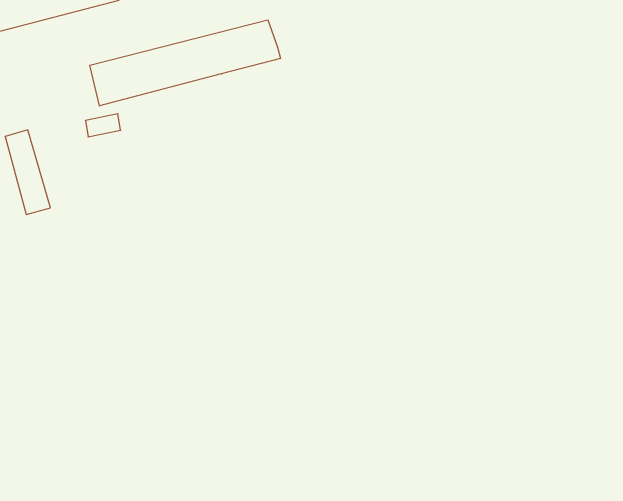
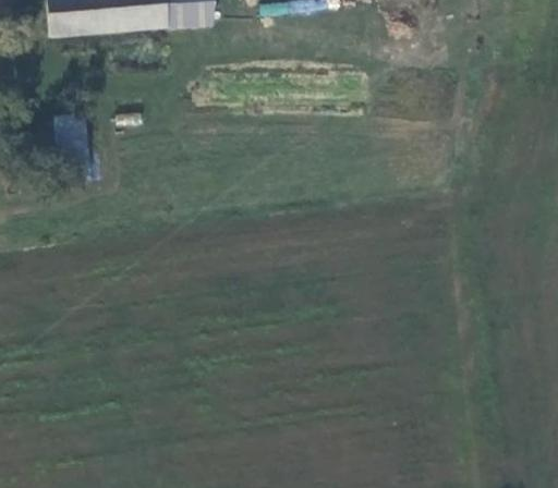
building: [90,20,280,106] -> none

